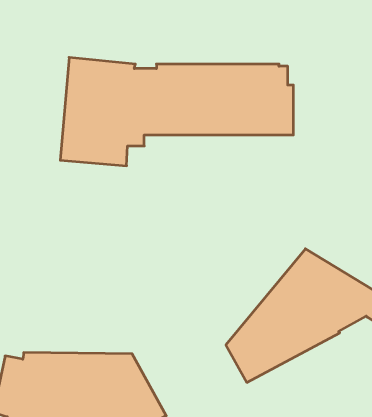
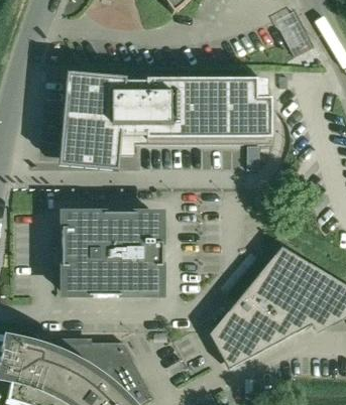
building: none -> [63,213,162,295]

